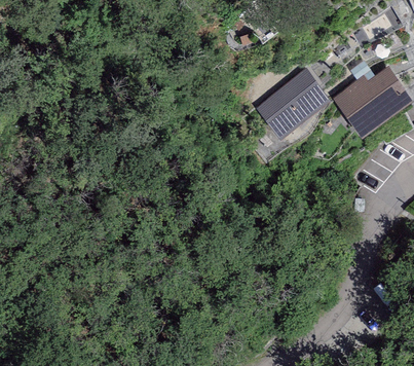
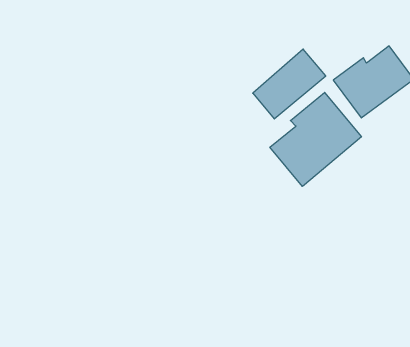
building: none -> [270,92,361,186]

